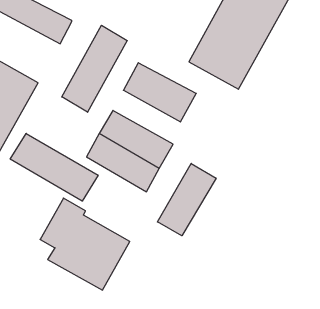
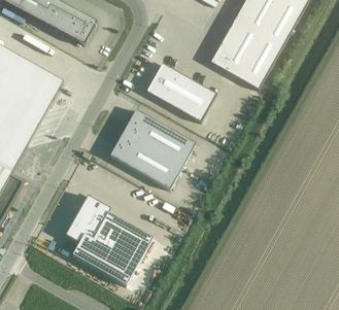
building: [62,25,127,112] -> none
building: [10,133,98,201] -> none
building: [157,163,216,236] -> none

